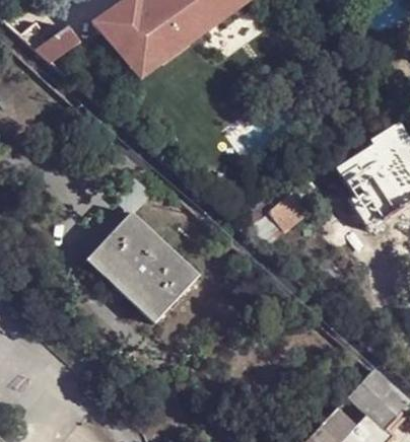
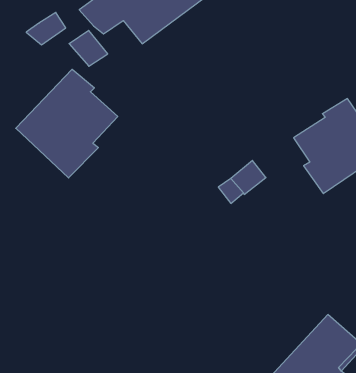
building: [119,35,162,76] -> [69,30,108,66]
building: none -> [16,69,118,178]
building: [88,210,201,320] -> none

